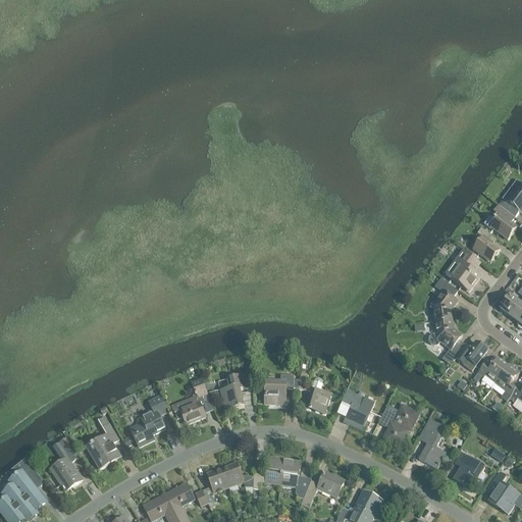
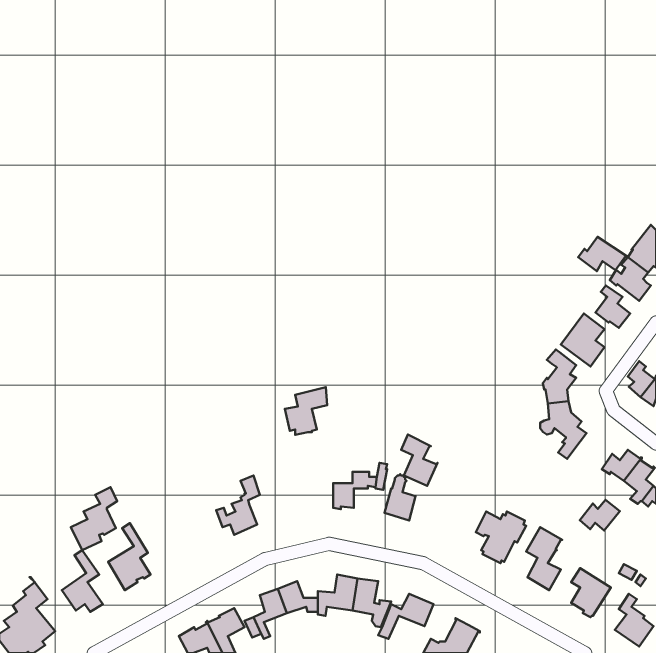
building: none -> [578,237,628,271]
building: [455,341,486,365] -> [580,500,620,531]
building: [218,371,252,409] -> [285,387,327,435]
building: [341,388,369,429] -> [401,434,437,486]
building: [128,396,165,446] -> [71,487,117,550]

